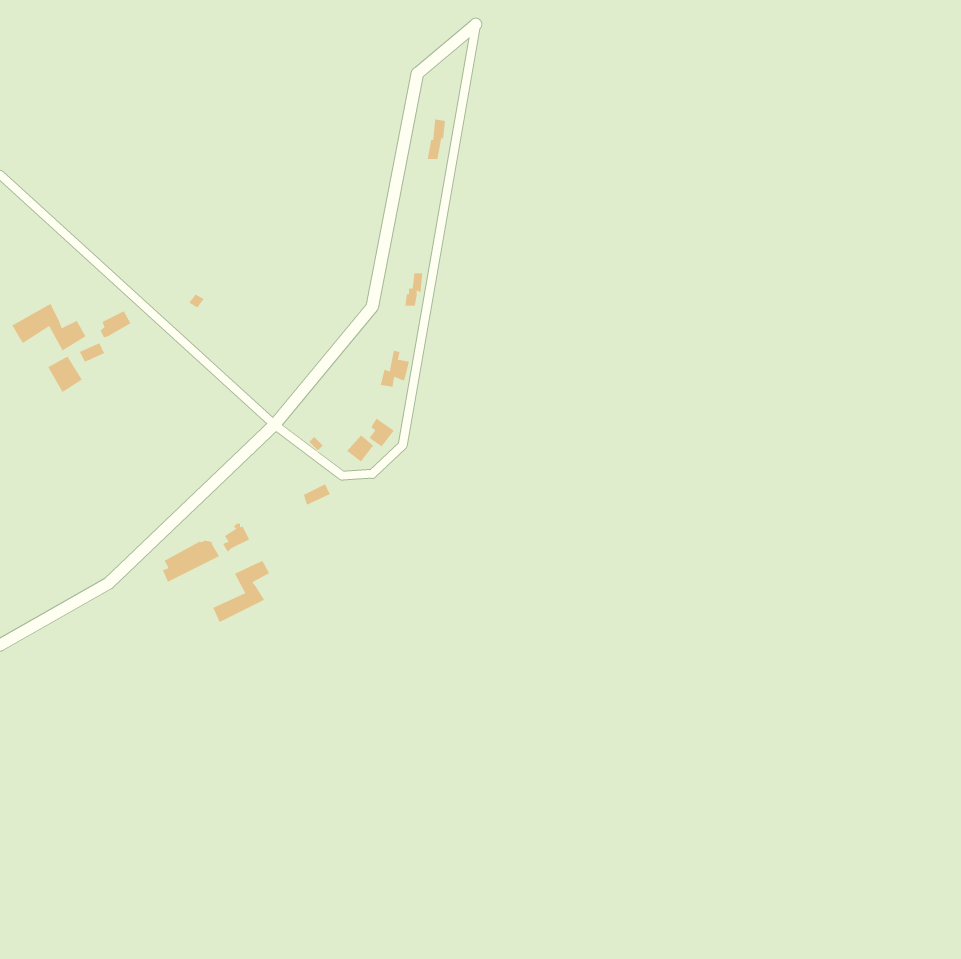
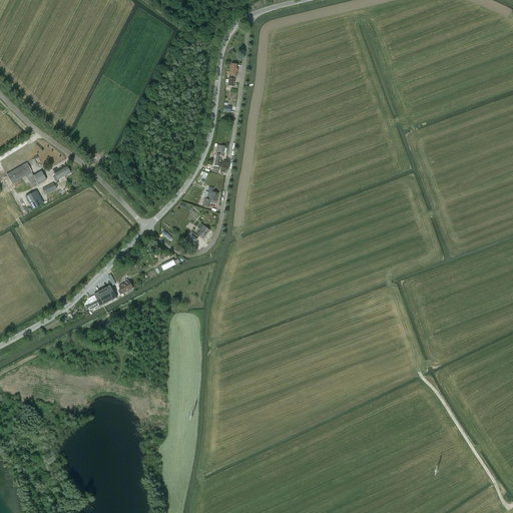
building: [212,560,270,623] -> none

